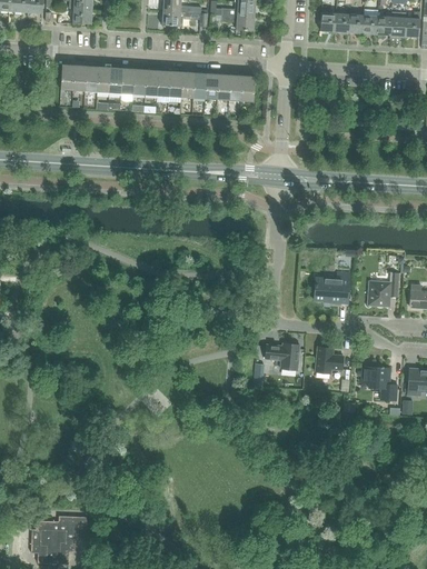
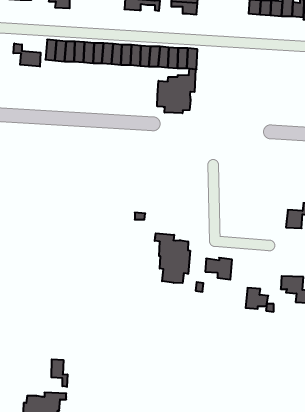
building: none -> [13,43,41,67]
building: none -> [157,69,195,113]
building: [316,272,350,303] -> none
building: none -> [155,233,190,283]
building: [316,347,345,373] -> [246,288,268,309]
building: none -> [51,359,67,387]

